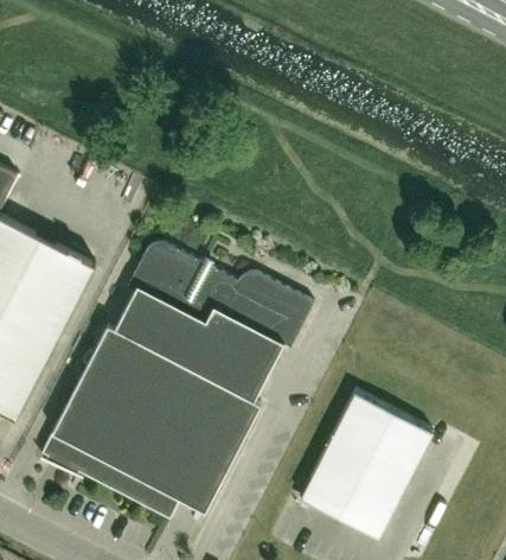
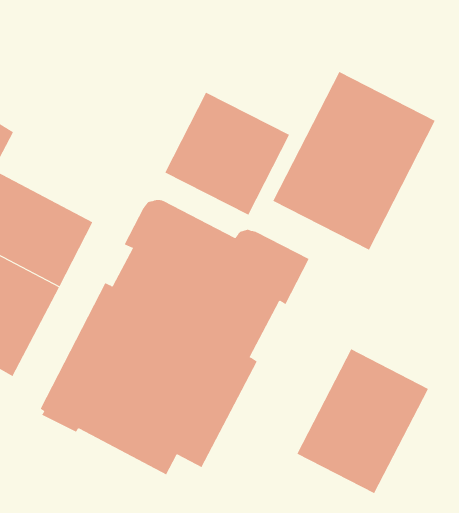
building: none -> [273,71,436,251]
building: none -> [164,92,290,216]

